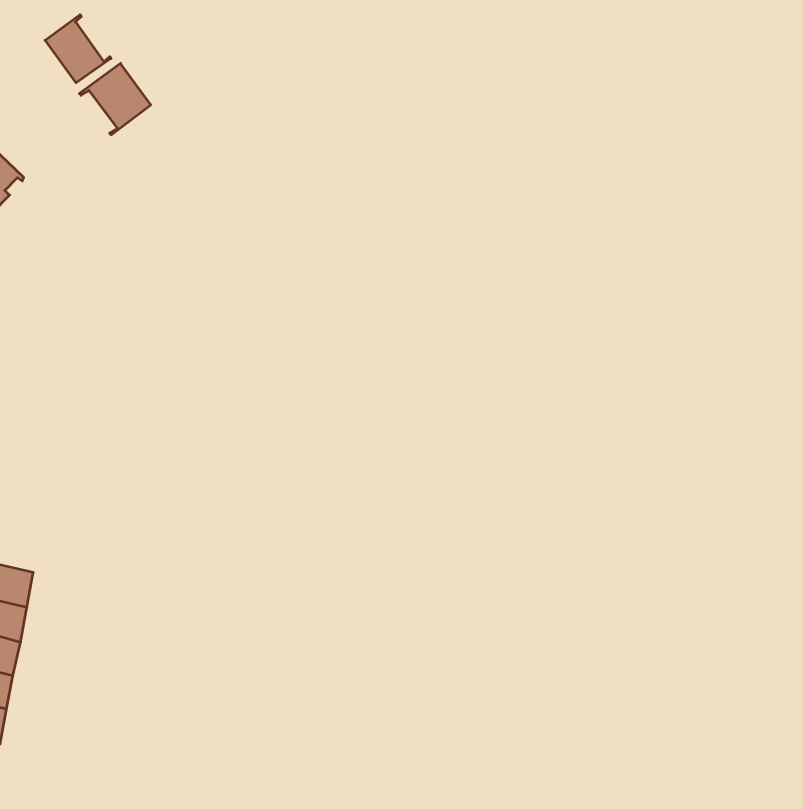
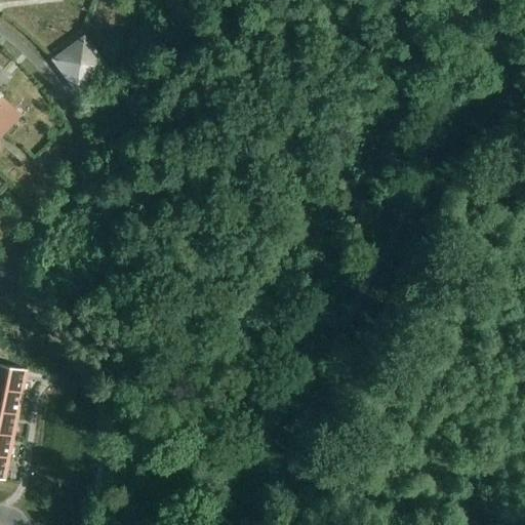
building: [45,15,111,83] -> none

